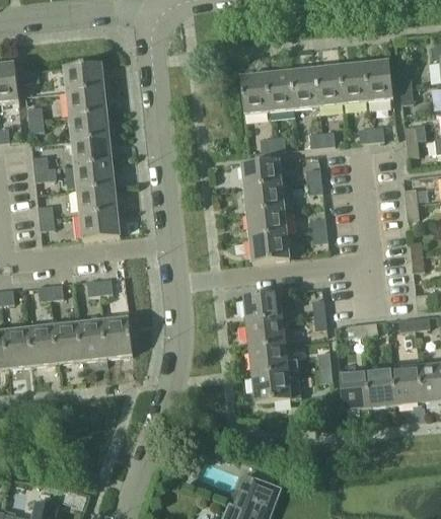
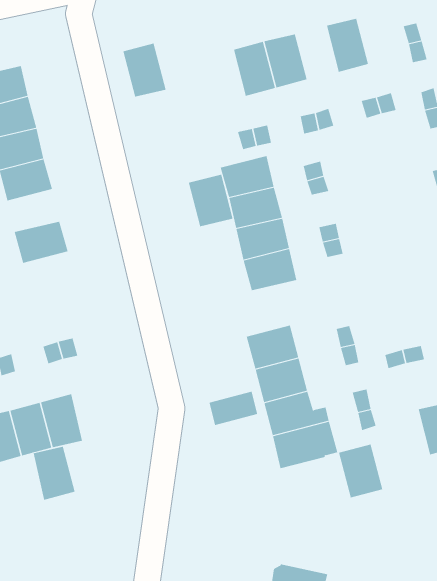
building: [363,60,392,99] -> none
building: [314,65,343,104] -> none
building: [239,73,269,113] -> [123,43,166,97]
building: [74,160,113,189] -> none
building: none -> [188,174,233,227]
building: [79,210,118,239] -> none
building: [102,317,131,357] -> [33,446,75,501]
building: none -> [209,391,258,426]
building: [340,370,370,410] -> [338,444,383,498]

